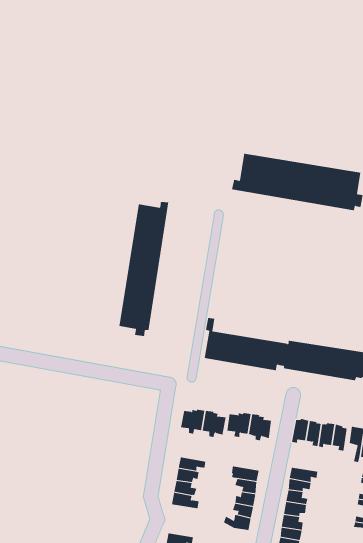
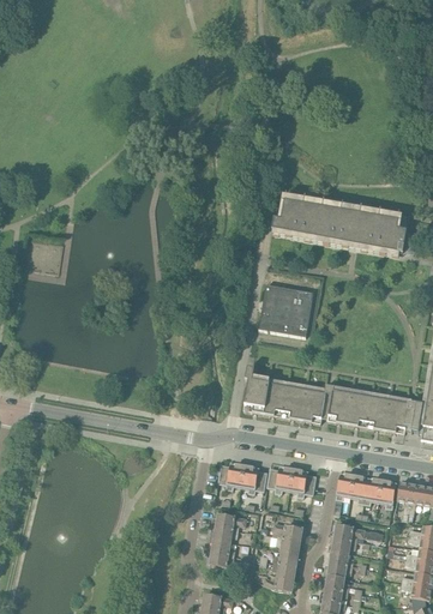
building: [119,201,169,337] -> none
building: none -> [259,284,313,336]

